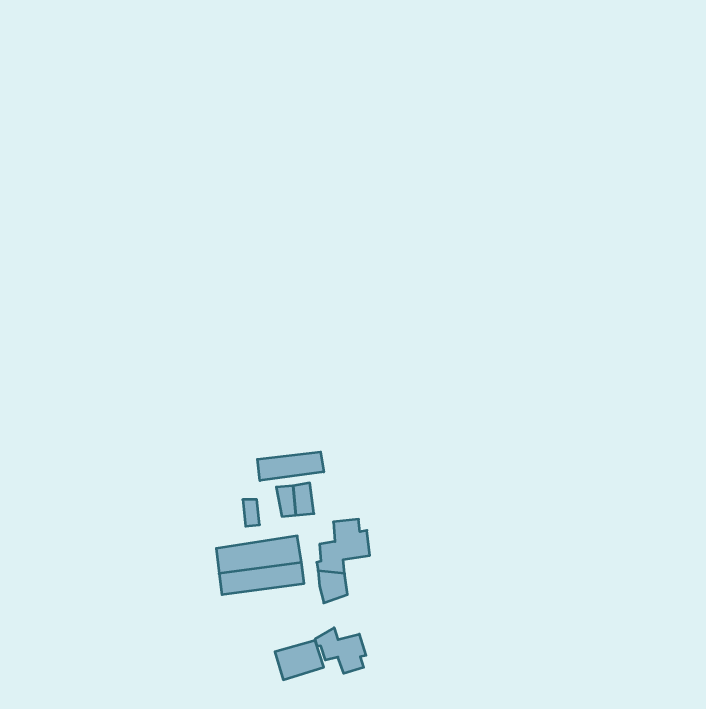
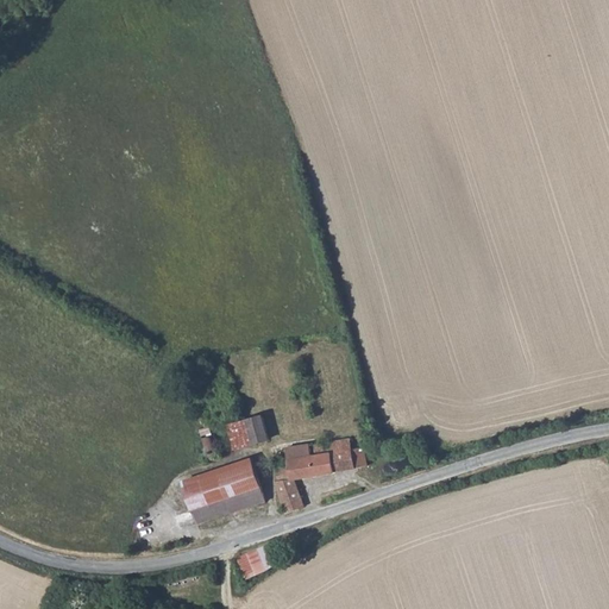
building: [257,452,324,481] -> none
building: none -> [310,440,363,477]
building: [315,628,366,673] -> none

